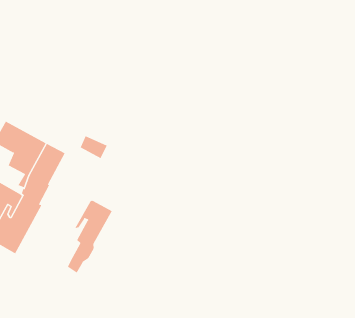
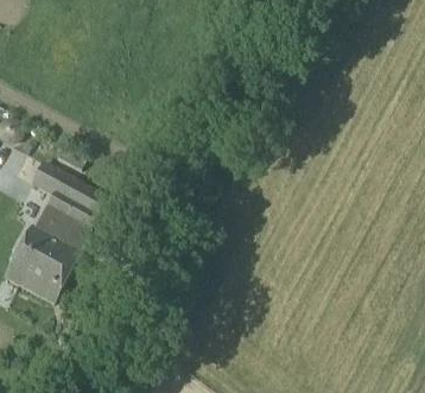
building: [67,199,112,273] -> none

